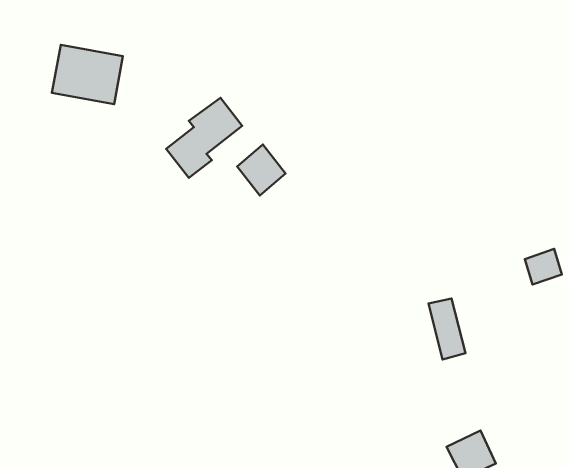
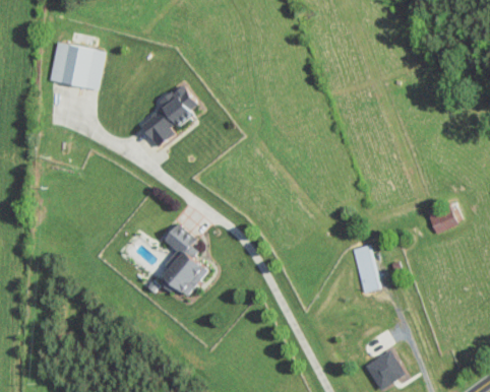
building: [237,145,286,196] -> none
building: none -> [161,224,209,296]

